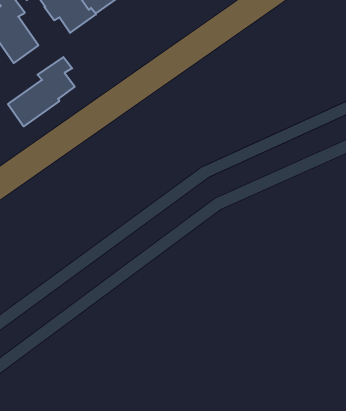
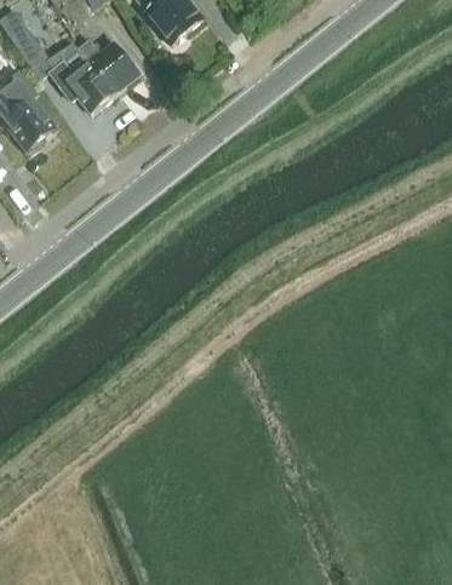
building: [8,57,75,126] -> none

